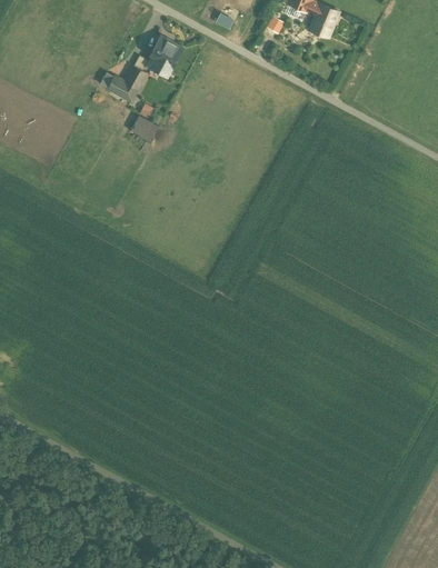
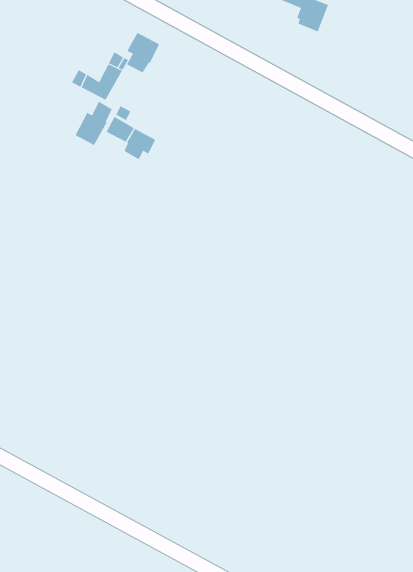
building: none -> [75,101,113,146]
building: none -> [124,128,156,160]

